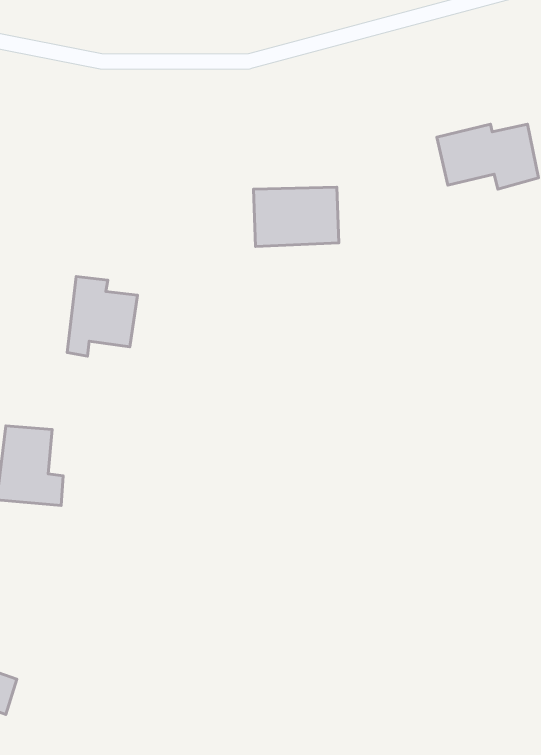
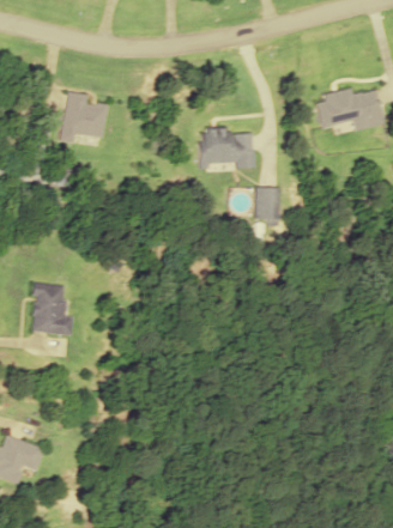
building: none -> [253,187,276,221]
building: [67,277,137,356] -> [61,92,107,144]

